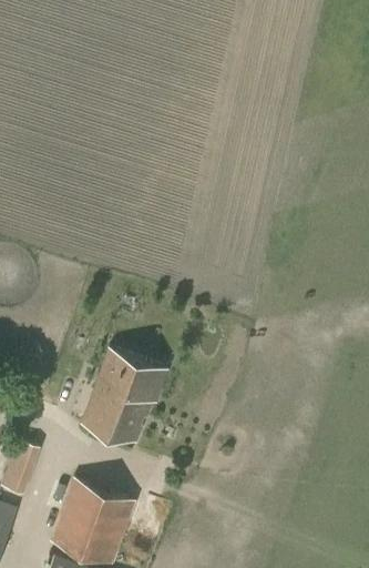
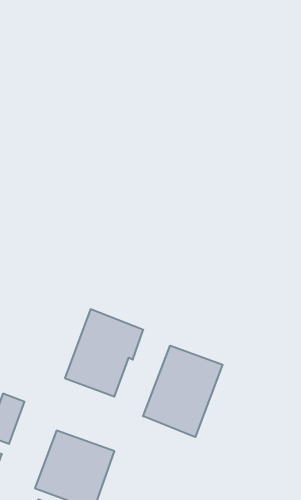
building: none -> [143,346,223,437]

